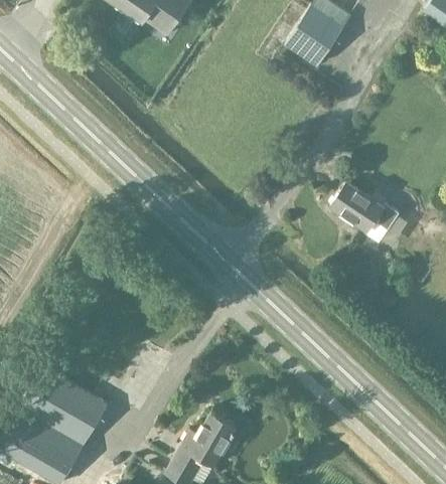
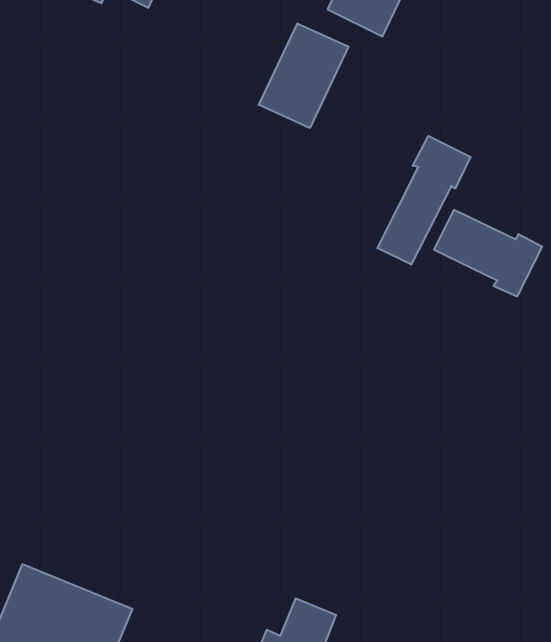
building: none -> [259,23,349,128]
building: none -> [377,136,471,265]

